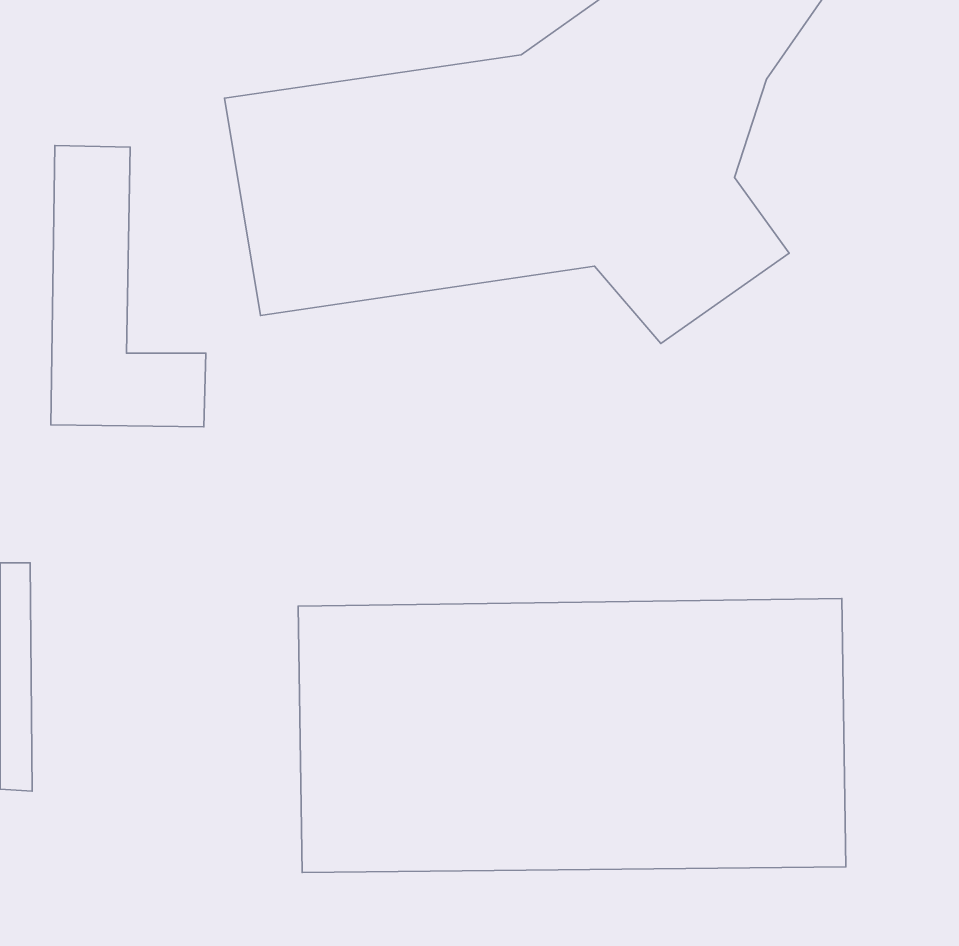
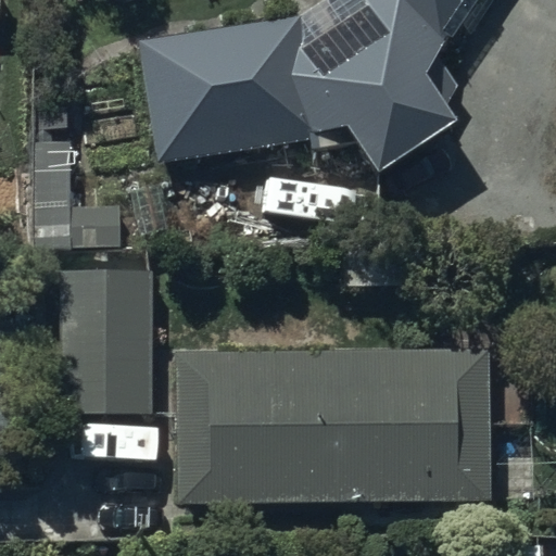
building: none -> [55,264,152,408]

